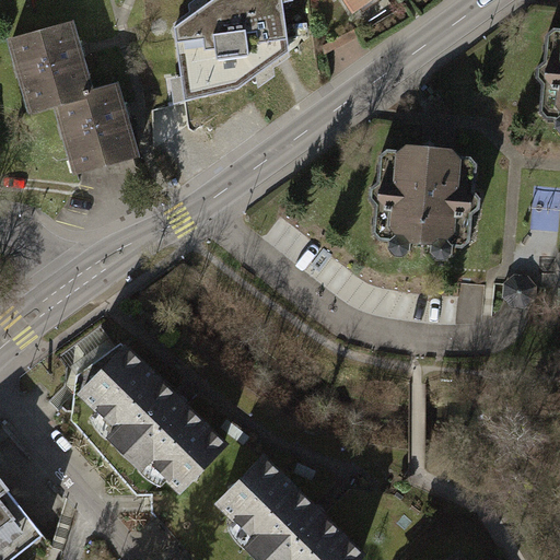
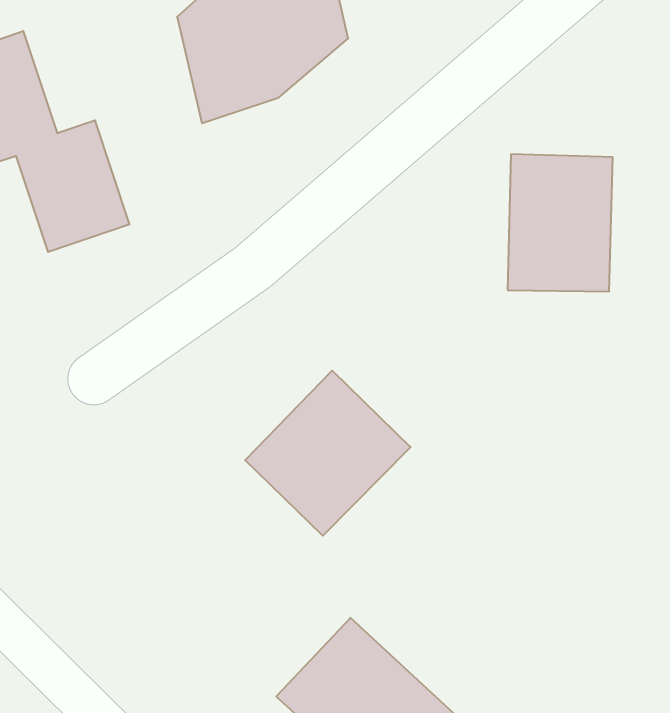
building: none -> [245,371,411,536]
building: [68,334,219,491] -> none

